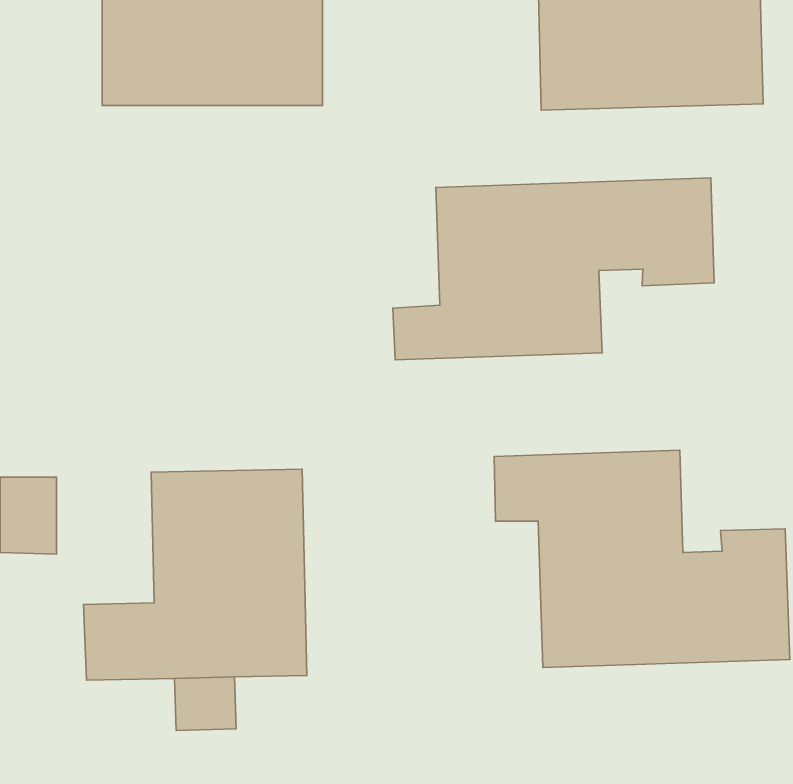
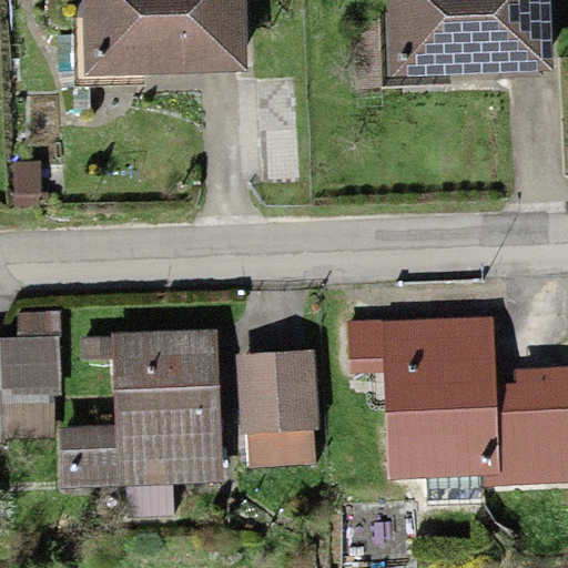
building: [393,178,714,360] -> none
building: none -> [239,353,312,465]

